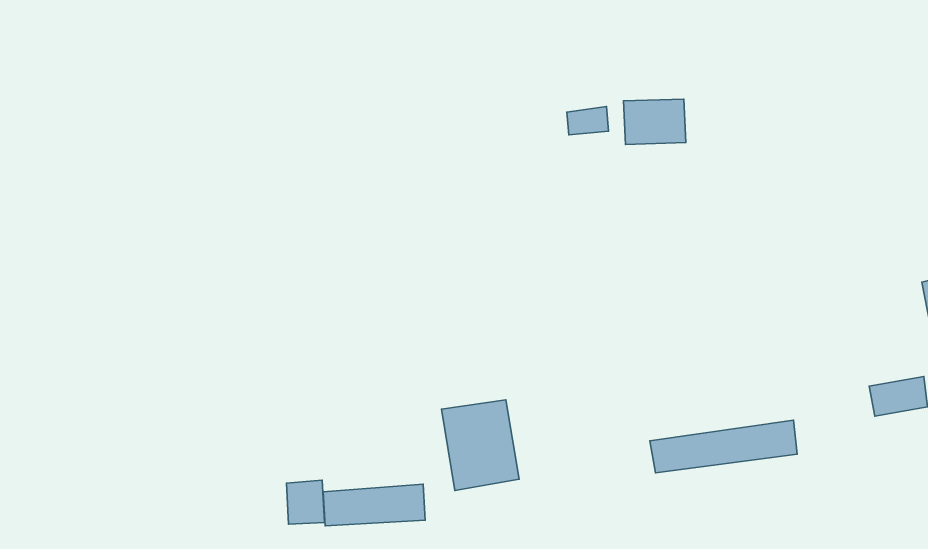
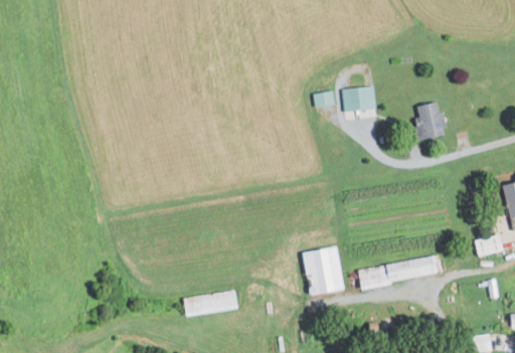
building: none -> [413,103,446,140]
building: [442,400,519,490] -> [302,247,343,296]
building: [287,480,325,524] -> none

